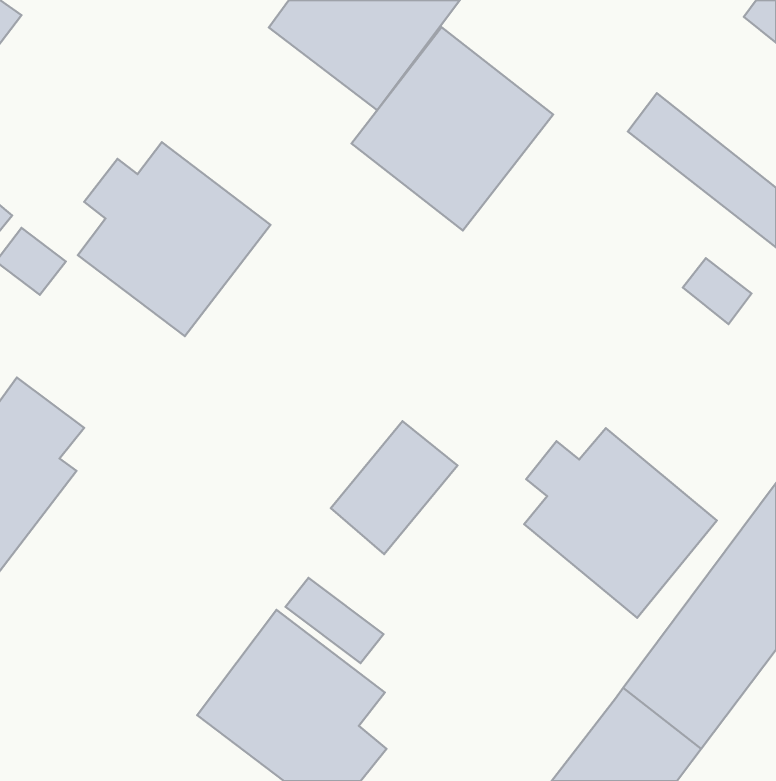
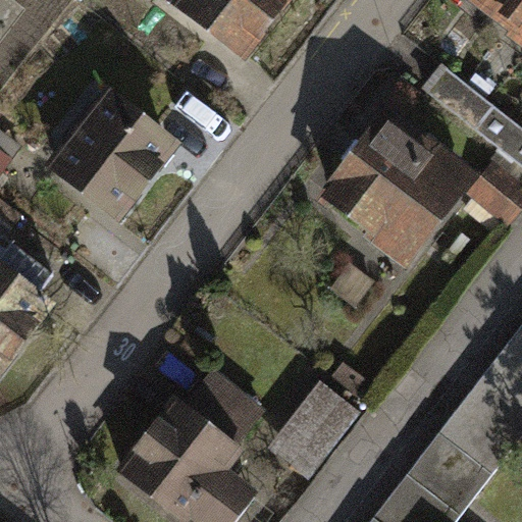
building: [351,27,553,231] -> [320,103,455,239]
building: [331,421,458,554] -> [275,388,360,477]
building: [524,428,717,618] -> none

